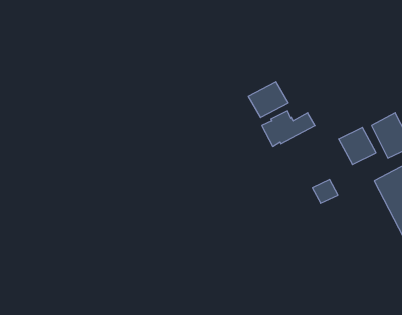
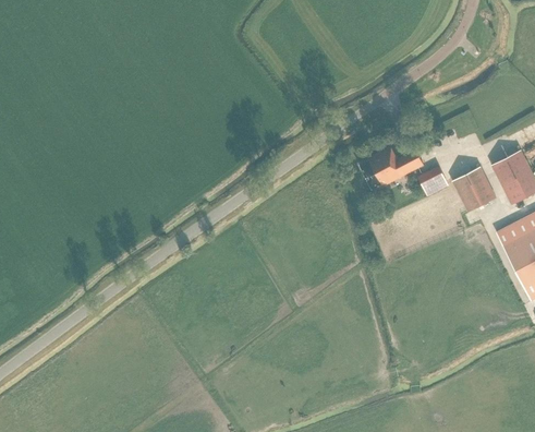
building: [248,82,288,118] -> none
building: [313,180,338,203] -> [418,166,449,194]

